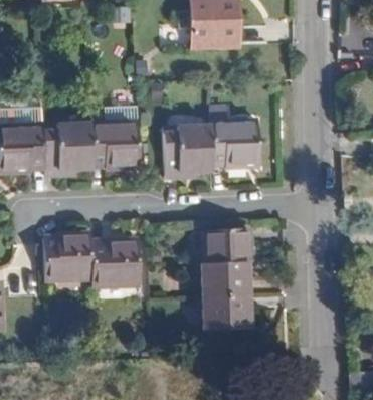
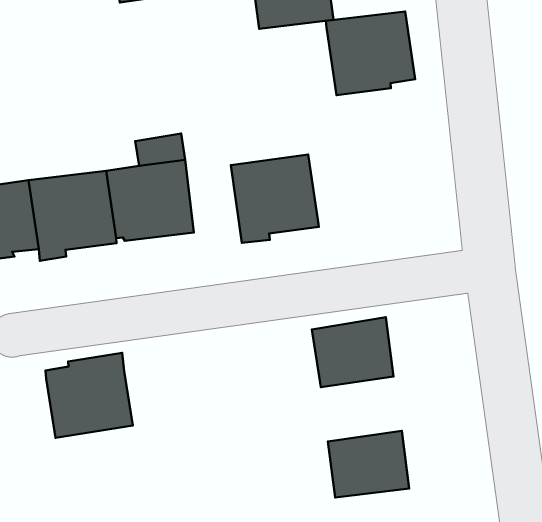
building: [213,121,263,167] -> [326,11,415,95]
building: [89,240,143,286] -> none
building: [207,264,253,299] -> none

